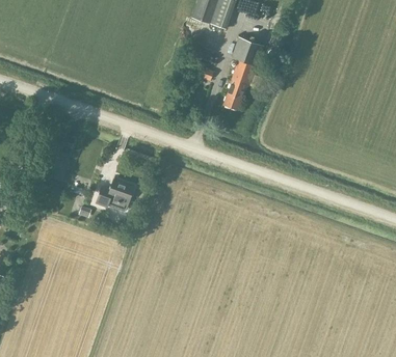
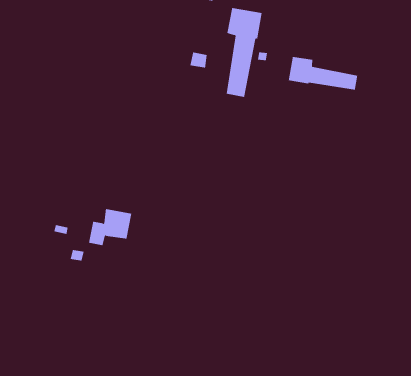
building: none -> [288,56,358,90]

